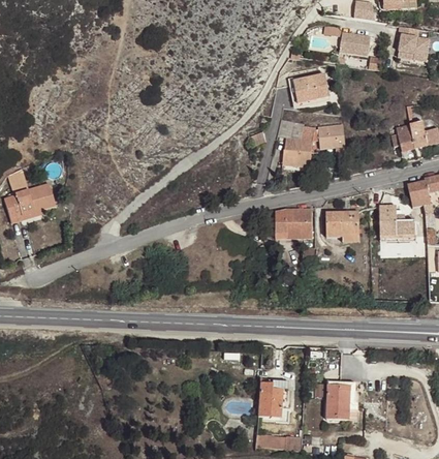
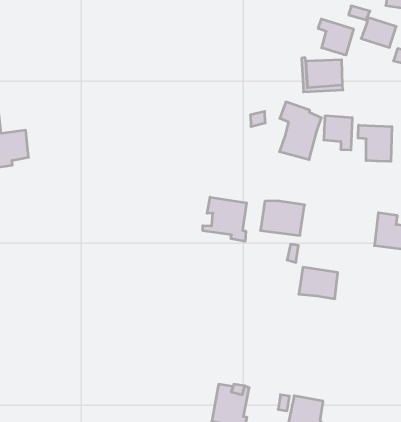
building: none -> [318,19,353,55]
building: none -> [358,125,392,161]
building: [325,212,358,237] -> [299,267,338,299]
building: none -> [203,197,246,241]

